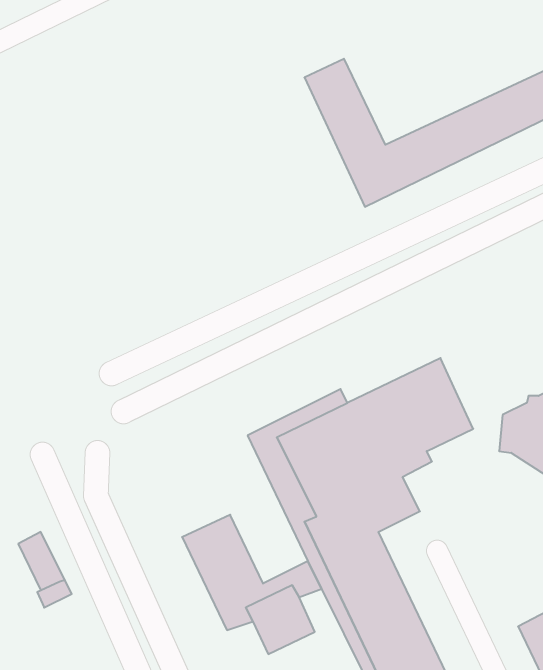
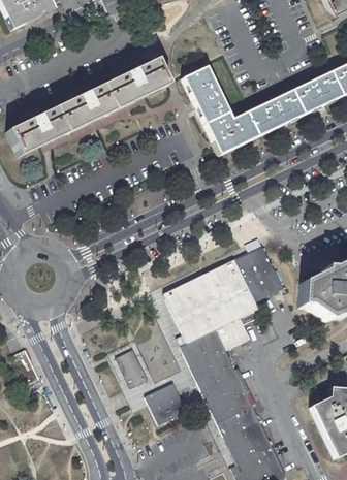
building: none -> [9,59,171,156]

